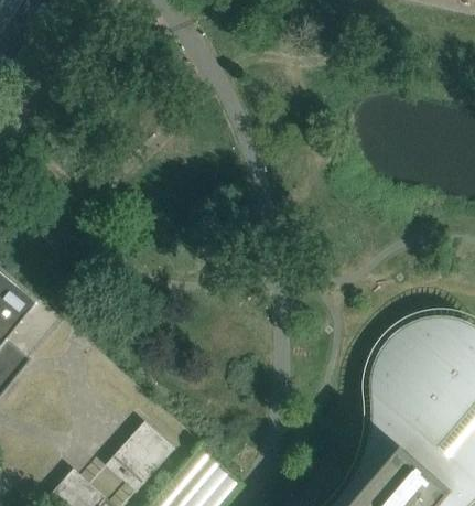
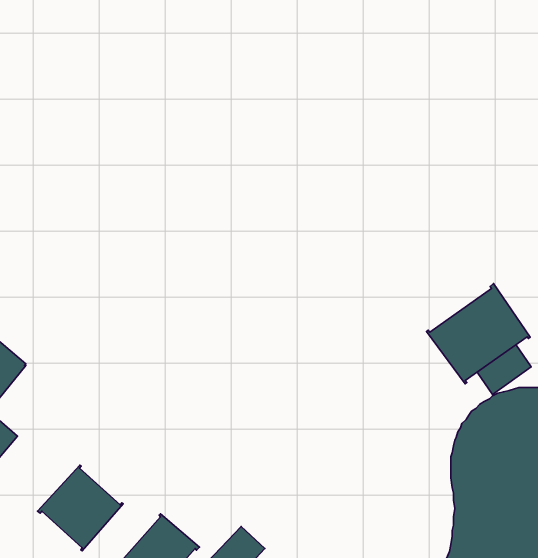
building: none -> [427,284,530,384]
building: none -> [38,465,123,551]

